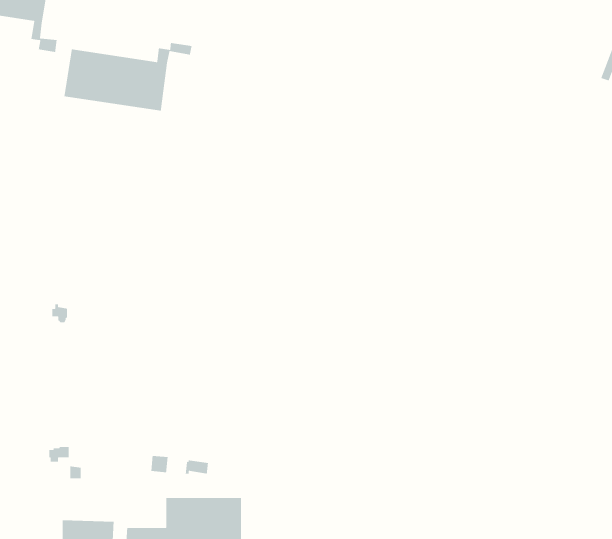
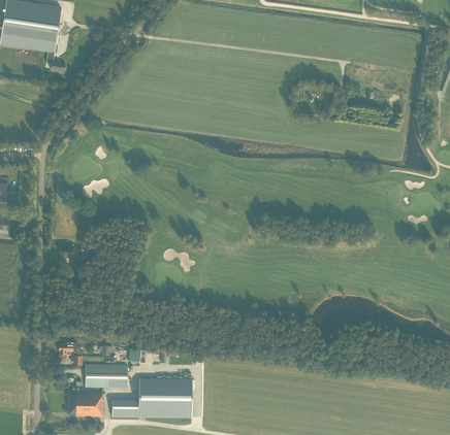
building: [63,42,193,112] -> none
building: none -> [85,365,127,388]

